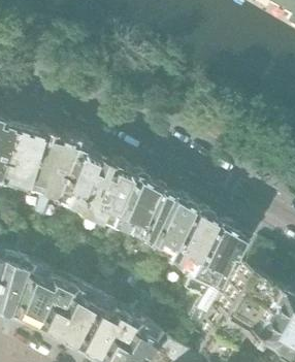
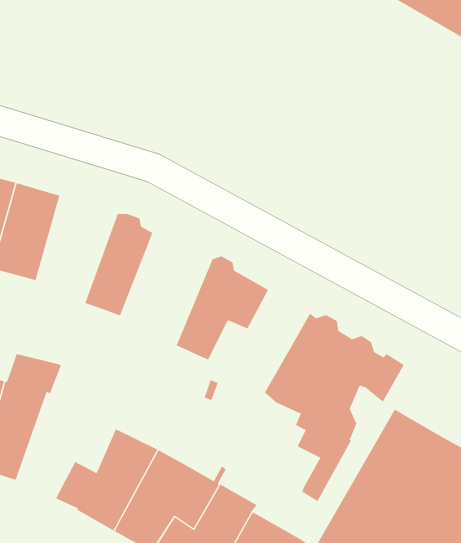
building: [24,131,75,220] -> none
building: [76,157,135,228] -> none
building: [133,193,197,258] -> none
building: [11,258,74,325] -> none

